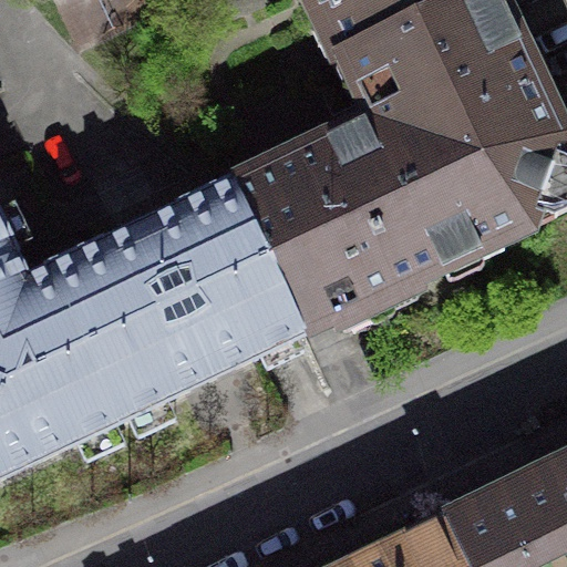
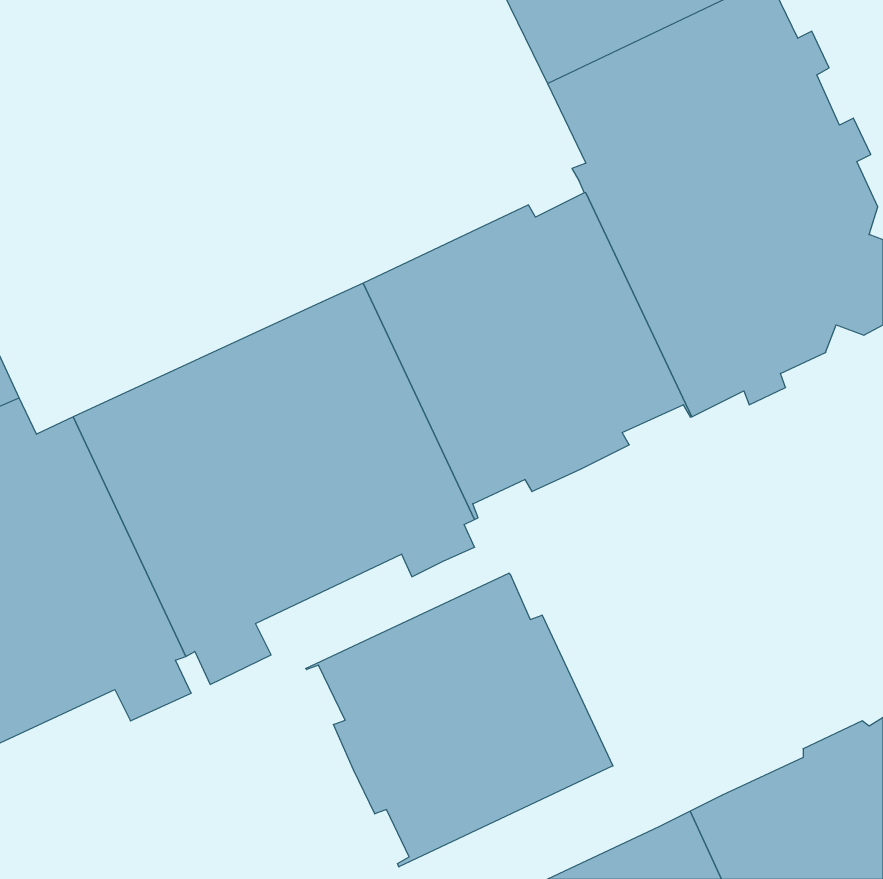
building: none -> [306,573,613,867]

